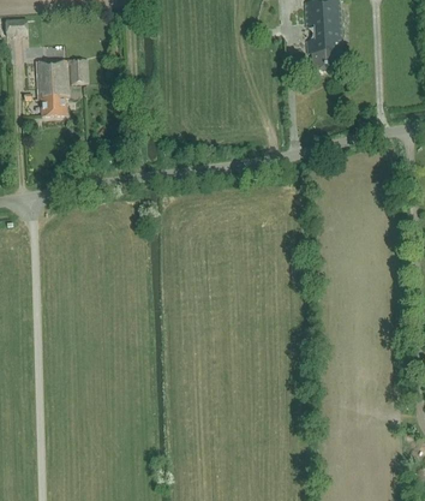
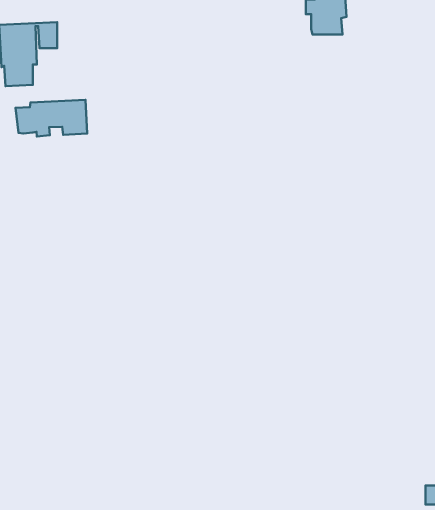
building: none -> [16,100,87,137]

